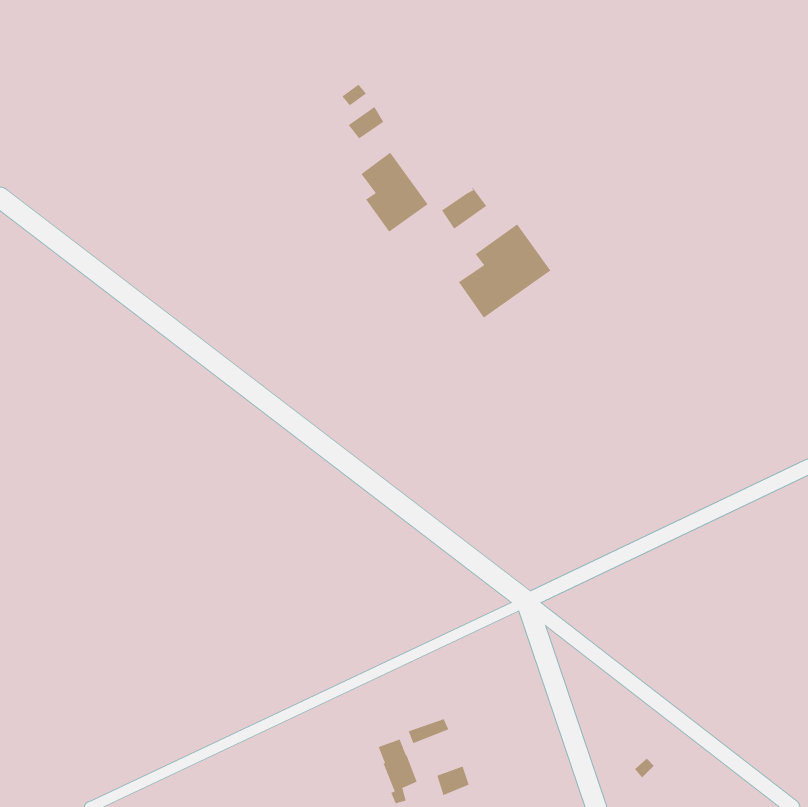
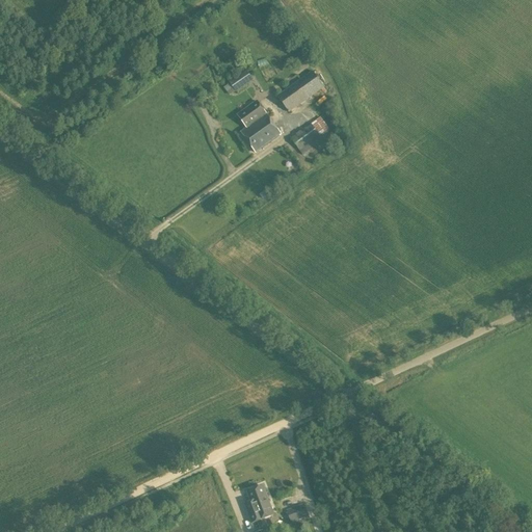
building: none -> [277,71,324,112]
building: [458,223,551,318] -> none

